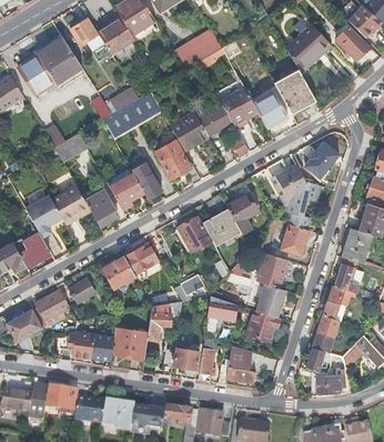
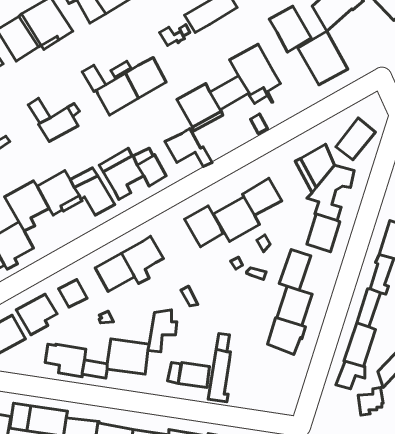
building: [252,90,287,129] -> [269,6,311,52]
building: [208,295,238,320] -> none
building: [226,344,254,382] -> none

